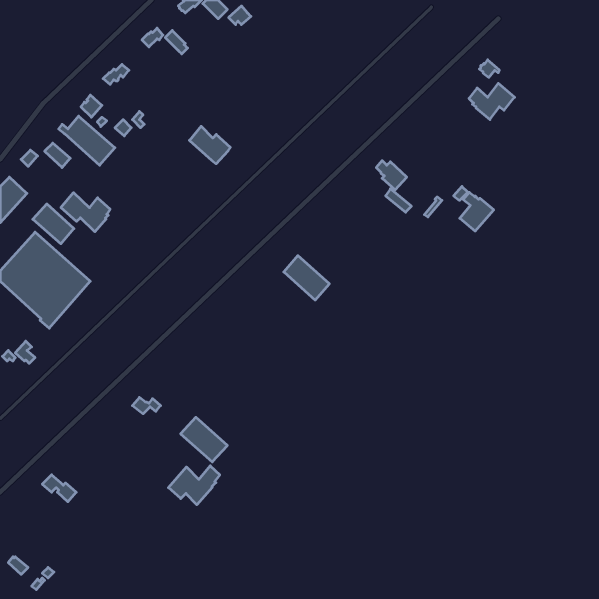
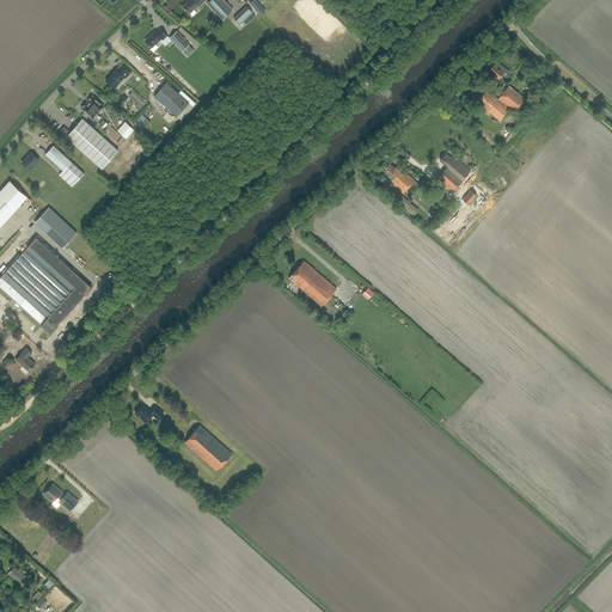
building: [189,126,230,164] -> [154,82,196,121]
building: [460,192,494,231] -> [436,153,471,192]
building: [61,193,110,232] -> none
building: [168,466,220,505] -> none

